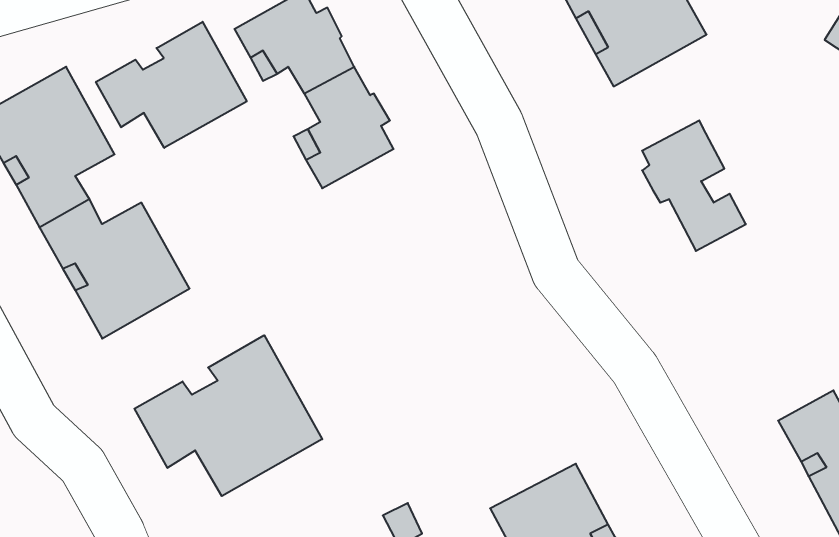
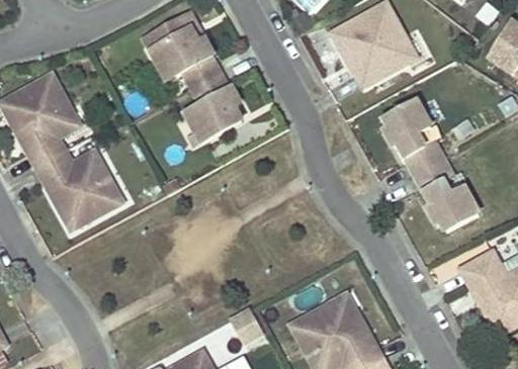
building: [96,22,247,148] -> none
building: none -> [412,161,476,233]
building: [134,335,322,496] -> none

